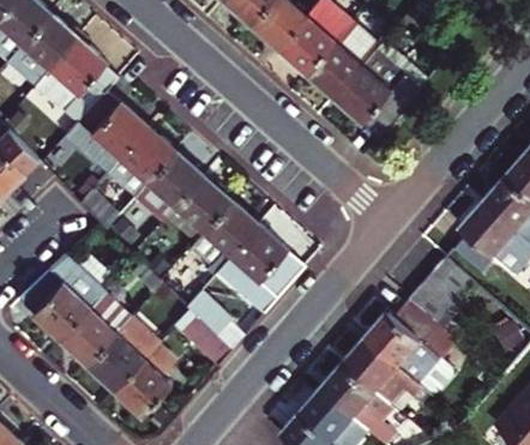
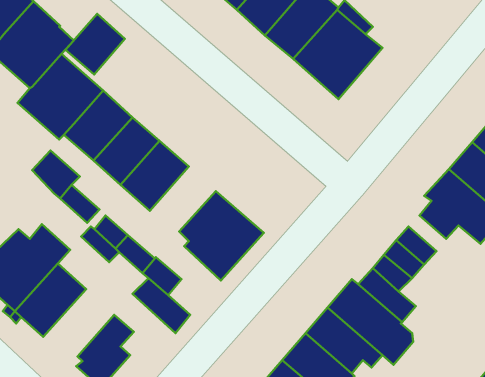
building: none -> [65,14,125,75]
building: [183,199,257,275] -> none
building: [88,319,157,386] -> none

